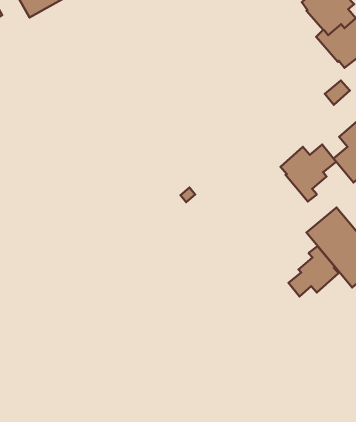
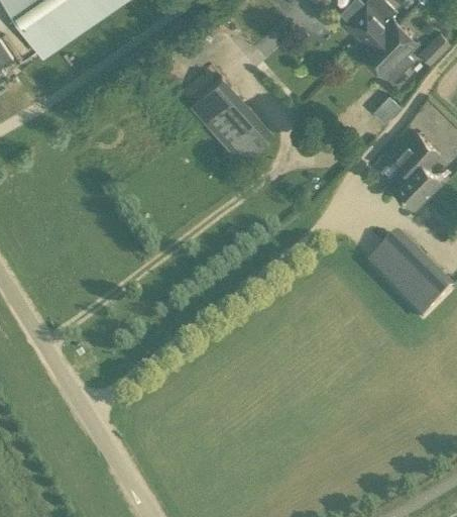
building: none -> [192,78,272,163]
building: [281,144,336,202] -> none
building: [288,246,339,296] -> none

